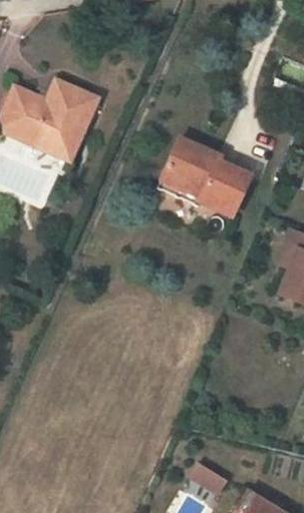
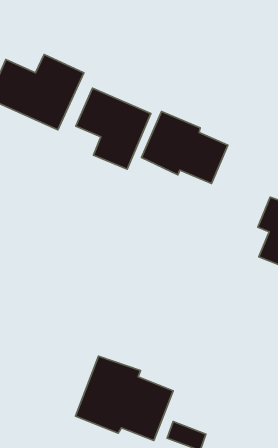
building: none -> [76,88,151,169]
building: none -> [75,356,173,440]

